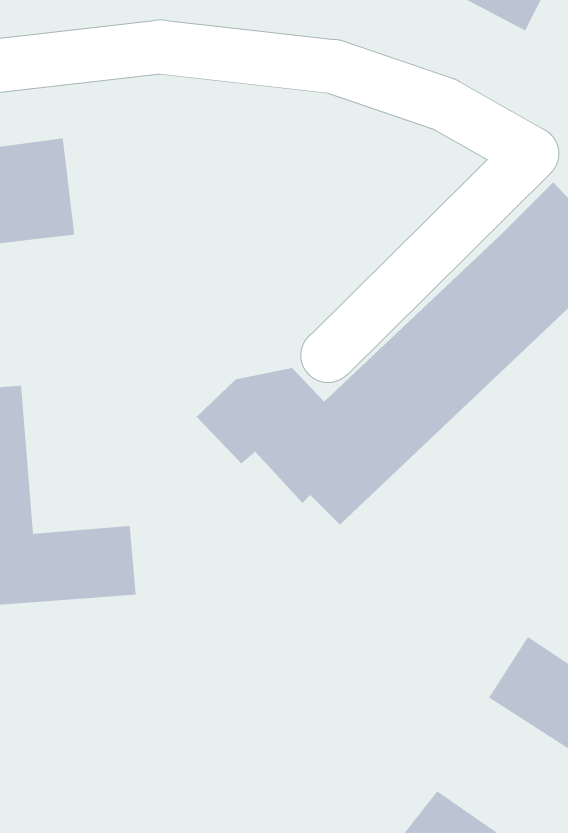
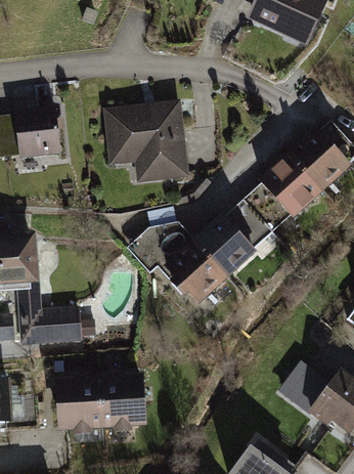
building: none -> [101,98,187,184]
building: none -> [53,374,145,427]

